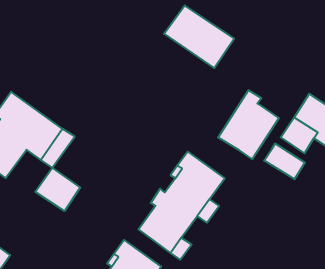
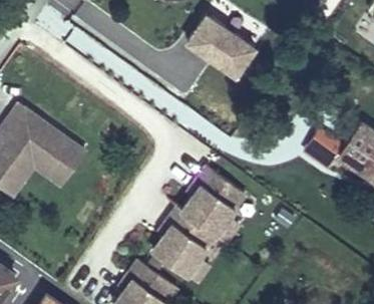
building: [218,90,279,159] -> none
building: [264,144,305,179] -> none
building: [35,168,80,211] -> none

